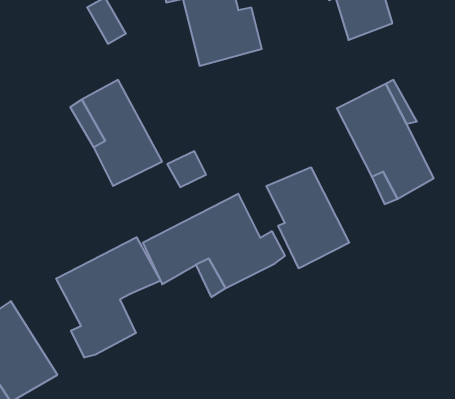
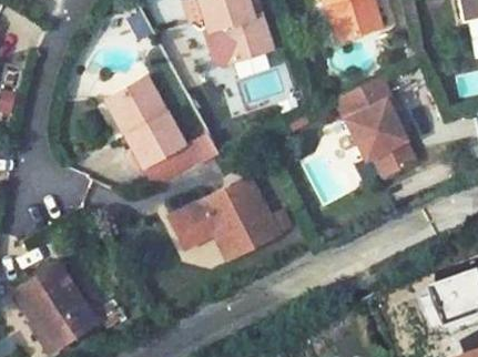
building: none -> [142,145,196,191]
building: [266,167,349,268] -> none
building: [56,237,161,358] -> none

